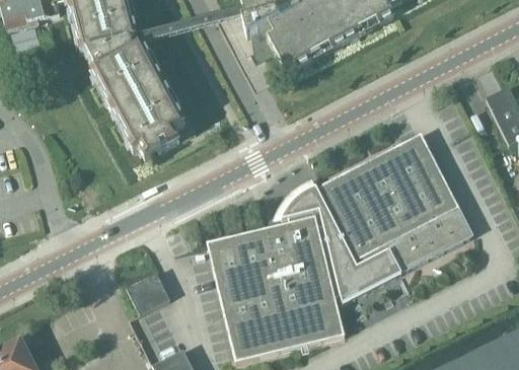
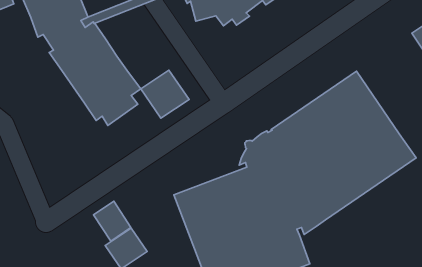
building: none -> [141,70,189,118]
building: none -> [94,201,131,241]

